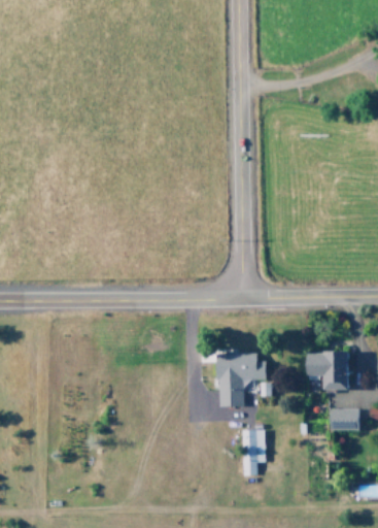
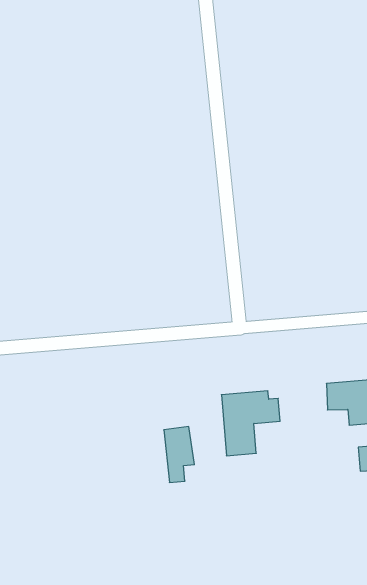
building: [242,429,266,475] -> [164,427,194,482]

